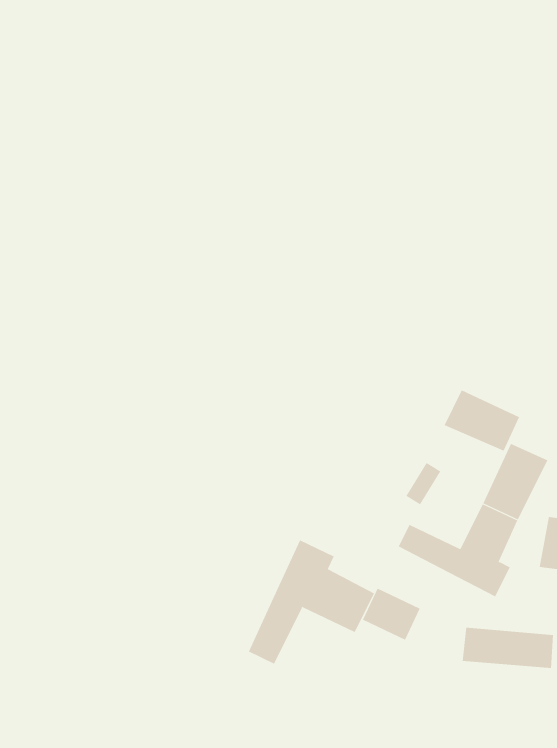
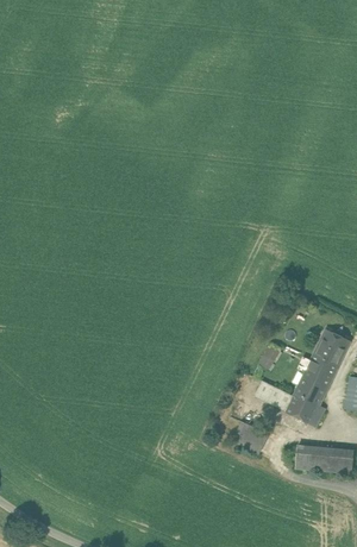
building: [444,390,520,452] -> none
building: [248,540,375,664] -> none

